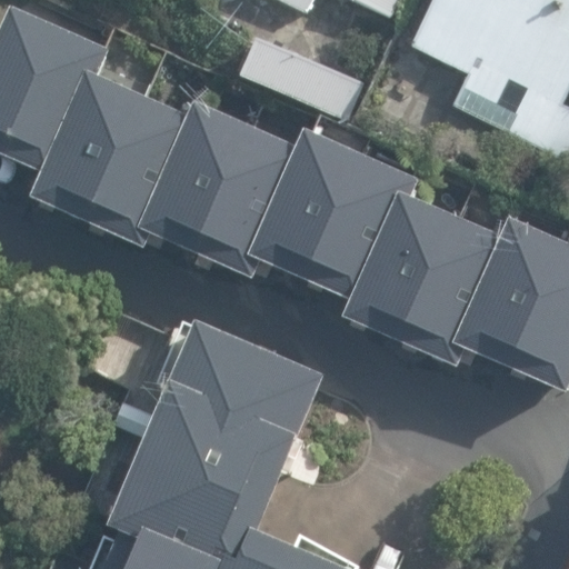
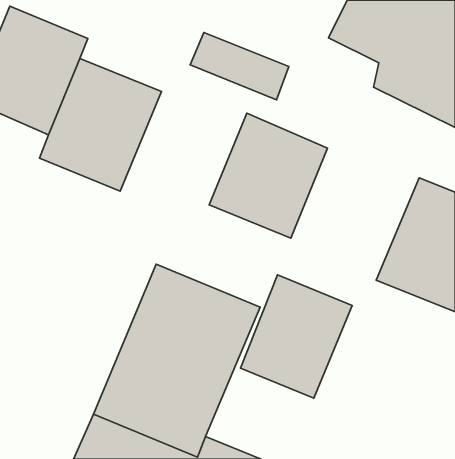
building: [149,99,306,277] -> none
building: [350,183,516,363] -> none
building: none -> [241,275,352,398]

